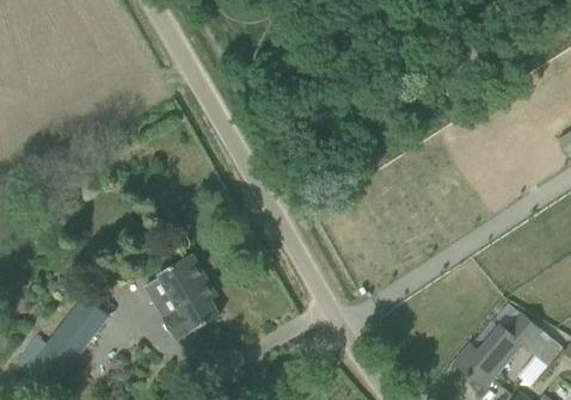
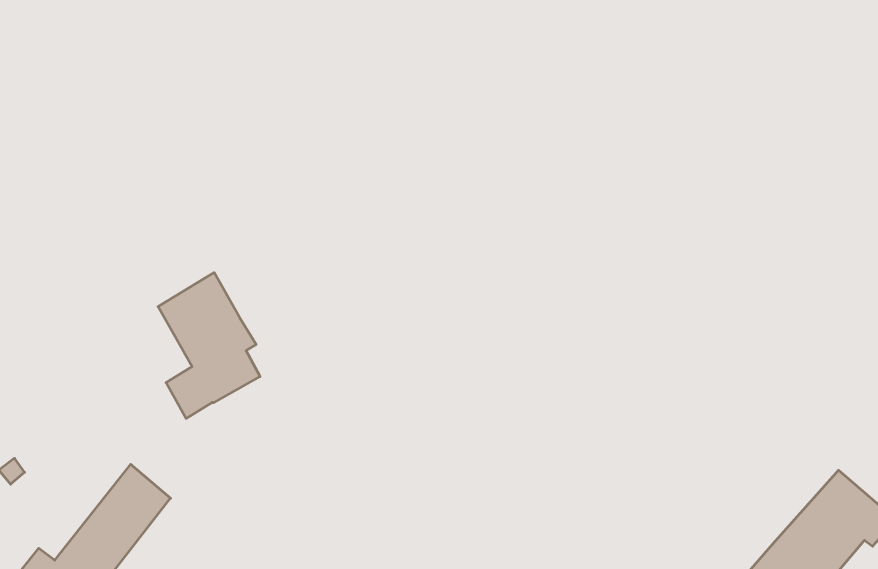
building: [156,254,217,341] -> [158,273,260,418]

